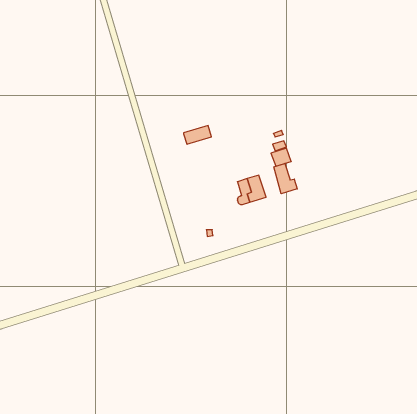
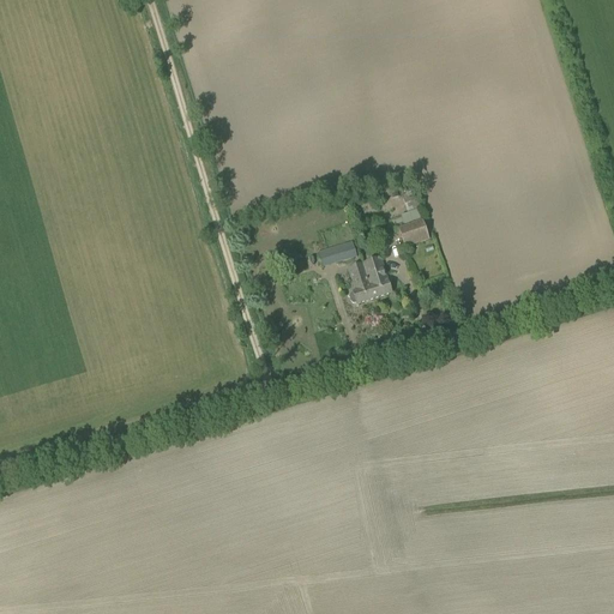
building: [184,126,211,144] -> [317,239,357,266]
building: [274,163,297,194] -> none

